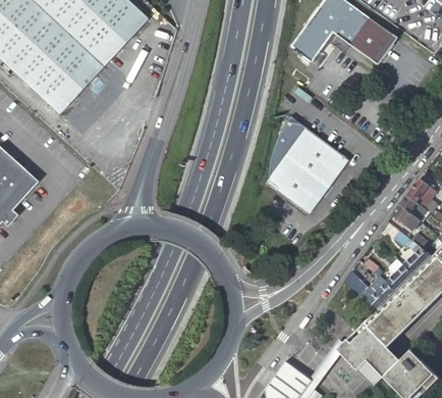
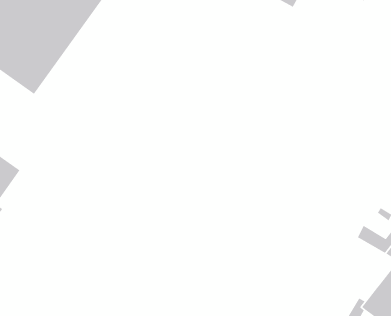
building: [265,117,346,212] -> none

